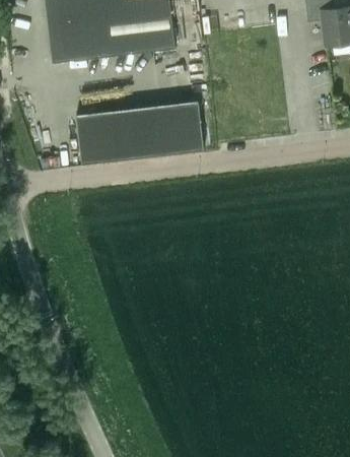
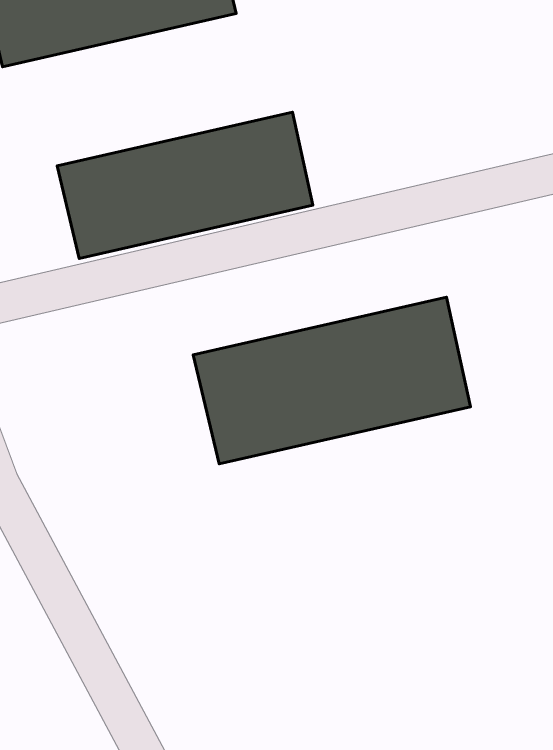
building: none -> [193,297,471,464]

